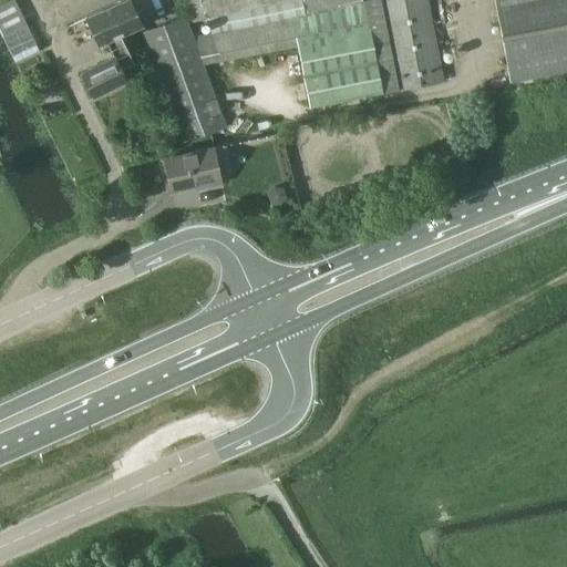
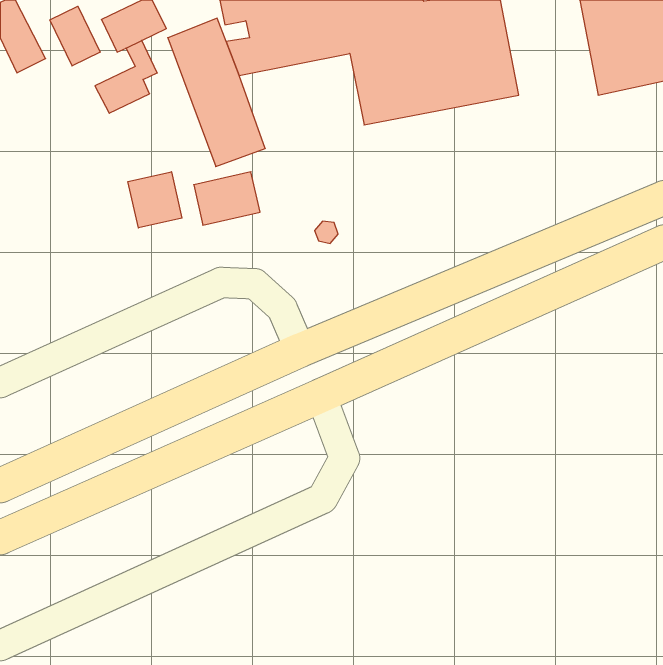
building: none -> [50,6,100,66]
building: none -> [128,172,182,228]

